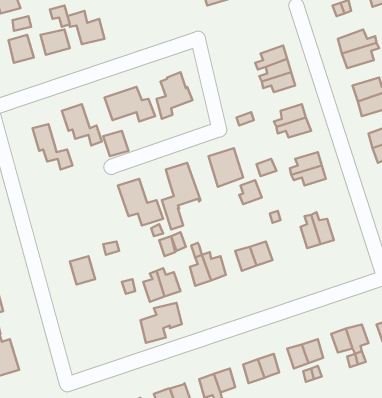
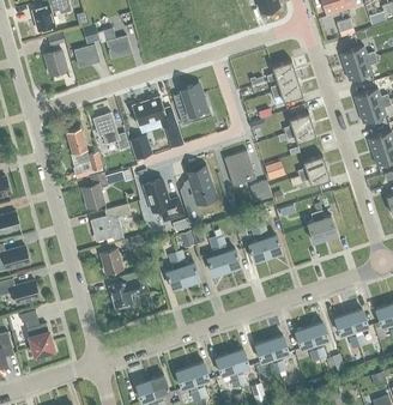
building: none -> [81,169,131,207]
building: none -> [90,204,131,241]
building: [141,303,182,343] -> [109,271,146,307]

